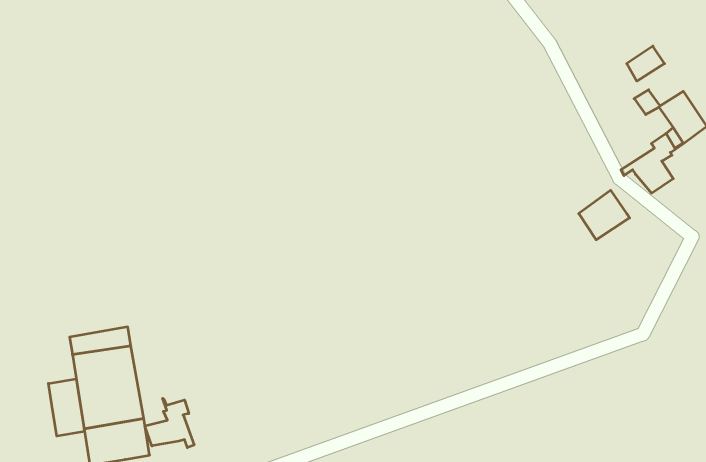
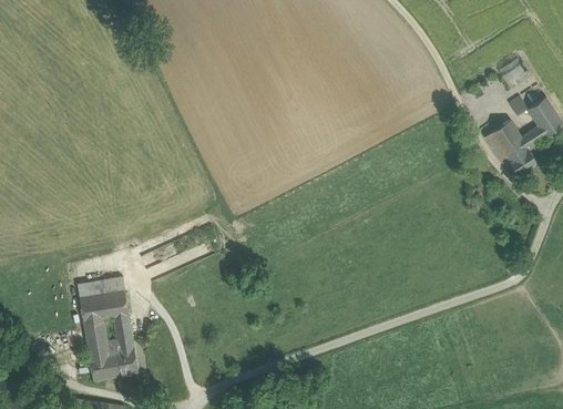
building: [579,190,630,240] -> [483,119,522,156]
building: [48,379,85,436] -> none
building: [145,398,194,448] -> none

